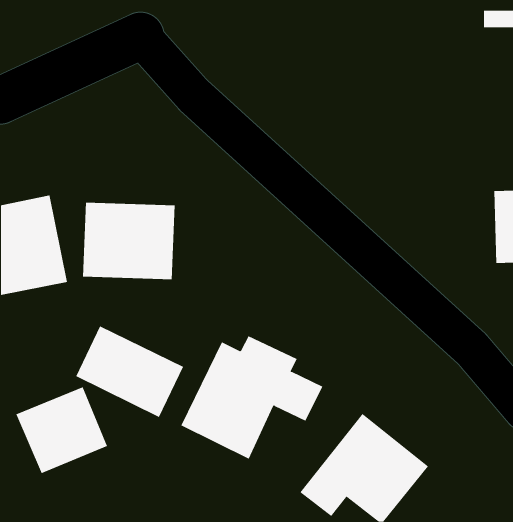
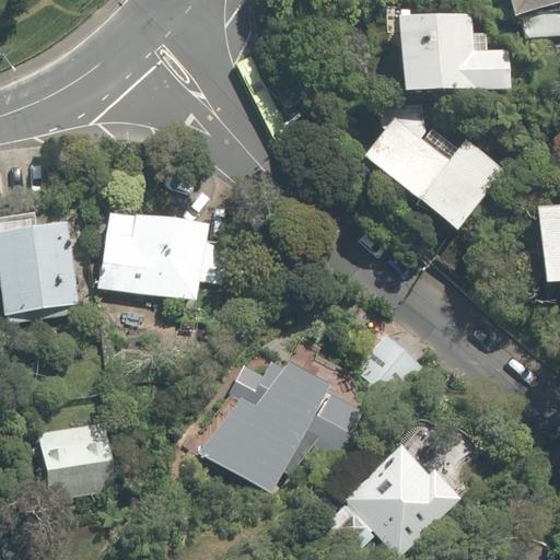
building: none -> [397,8,512,93]
building: none -> [360,105,508,232]
building: [75,325,184,418] -> none

